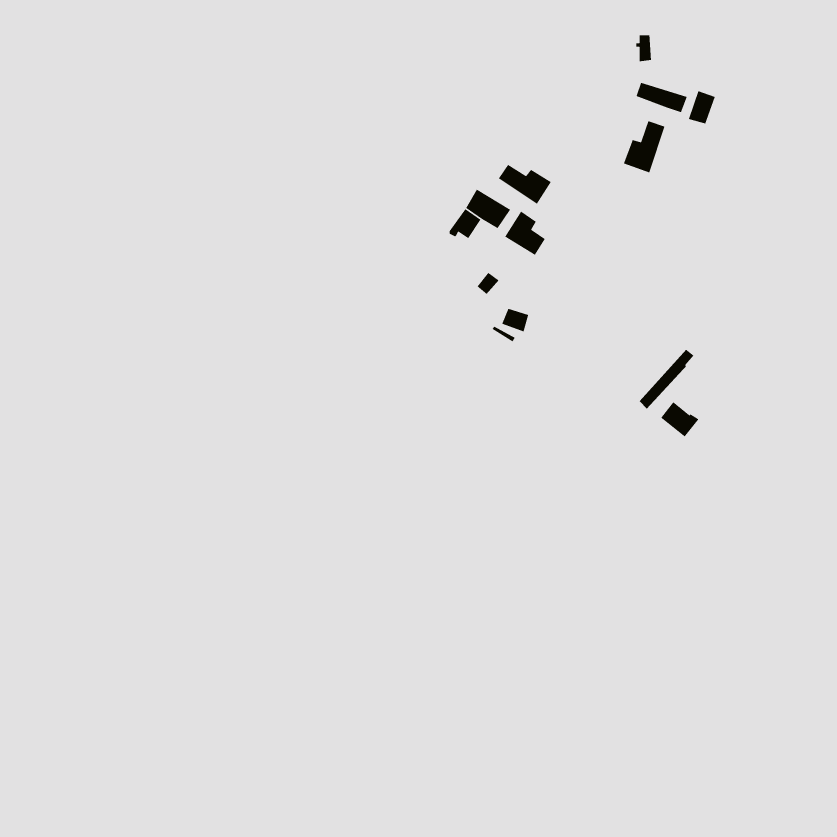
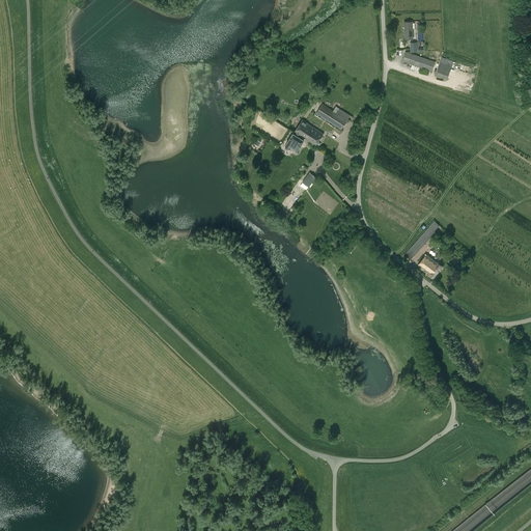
building: [623,120,666,173] -> none
building: [504,210,546,256] -> none

